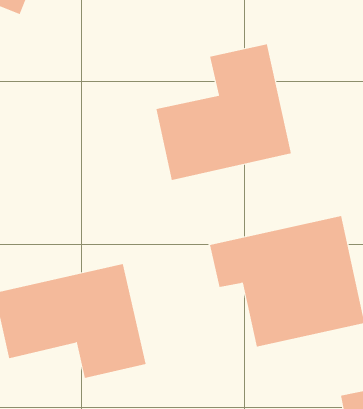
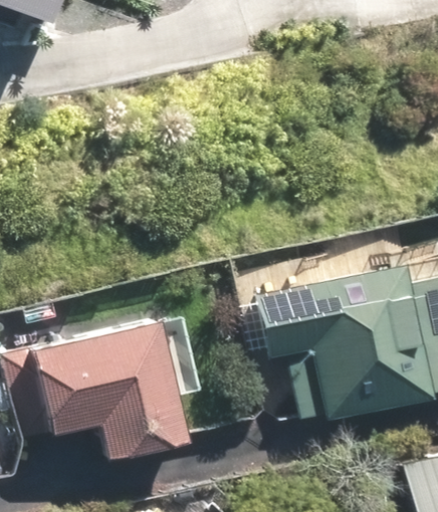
building: [156,44,291,181] -> none

